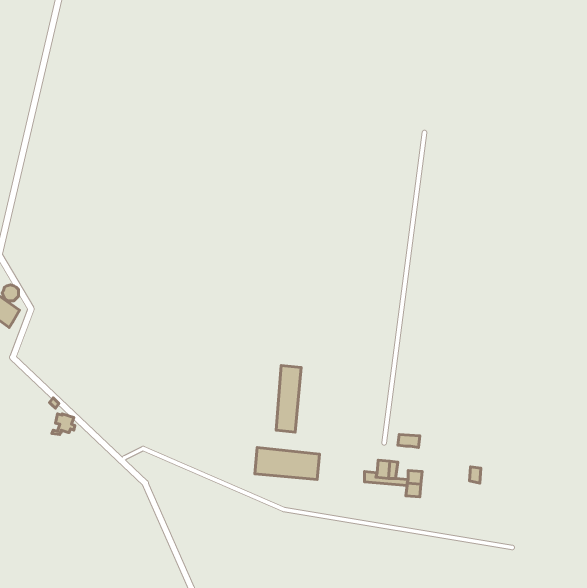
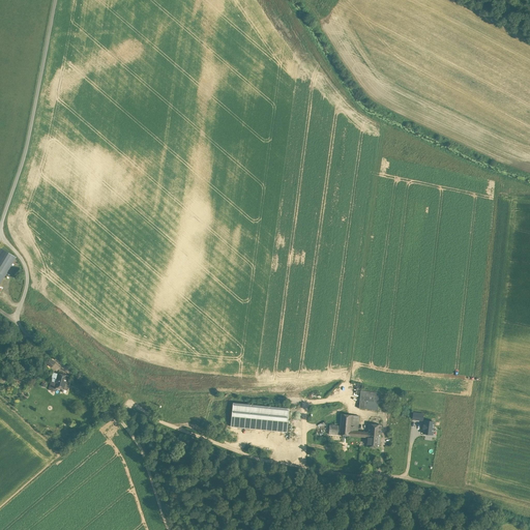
building: [276,365,301,432] -> none

